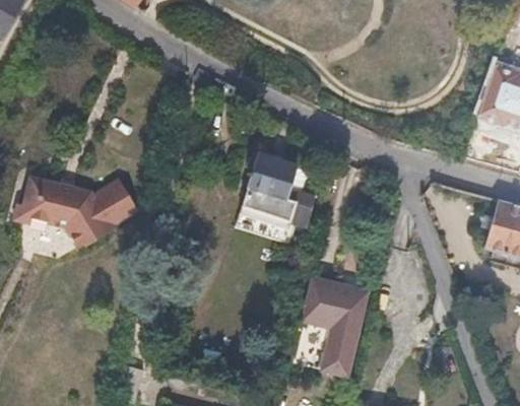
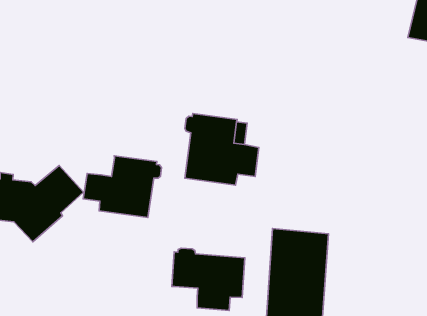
building: none -> [83,156,161,218]
building: none -> [172,248,245,311]

